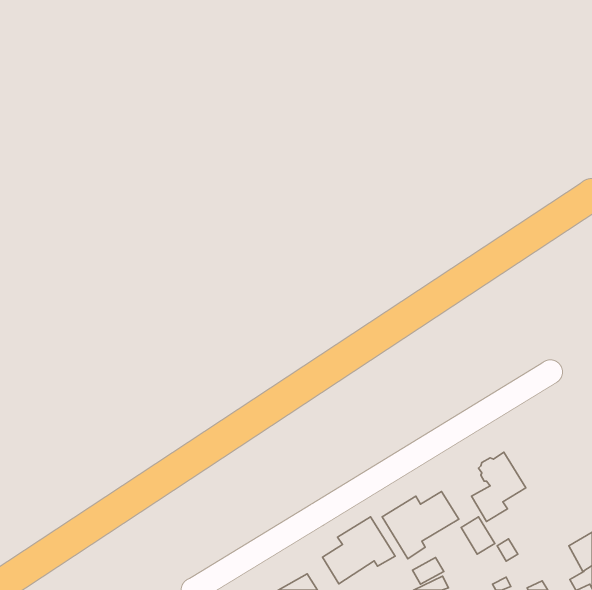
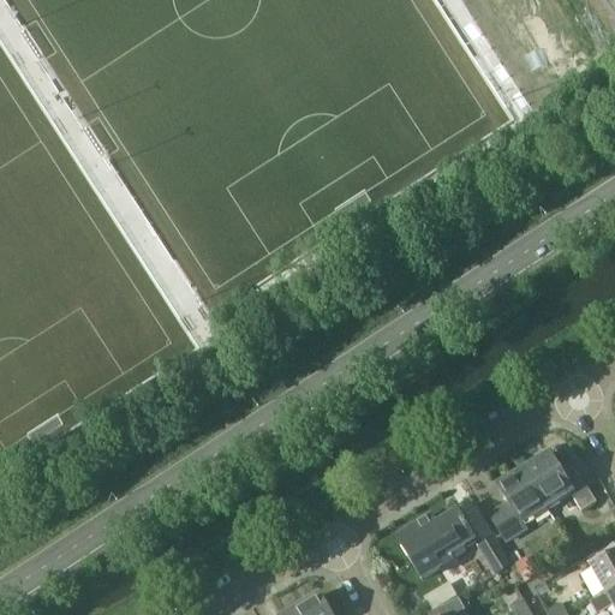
building: none -> [523,453,595,509]
building: [322,517,395,584] -> none

